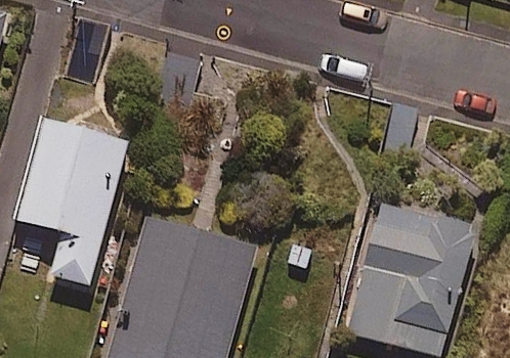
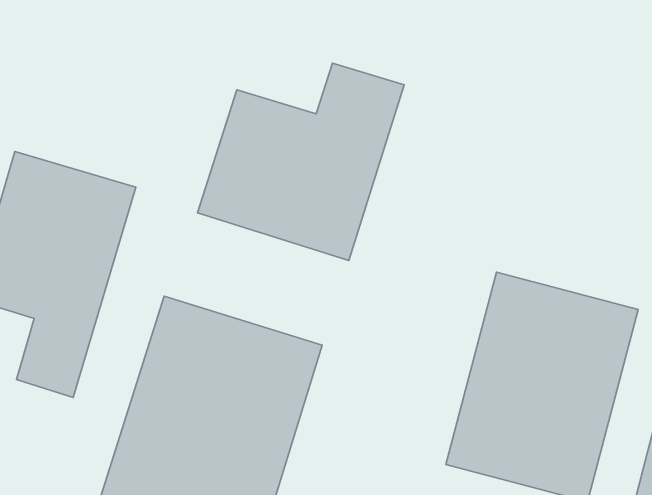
building: none -> [197,63,404,261]

